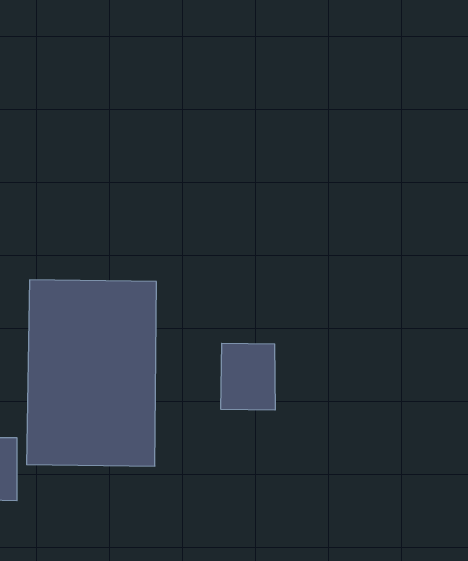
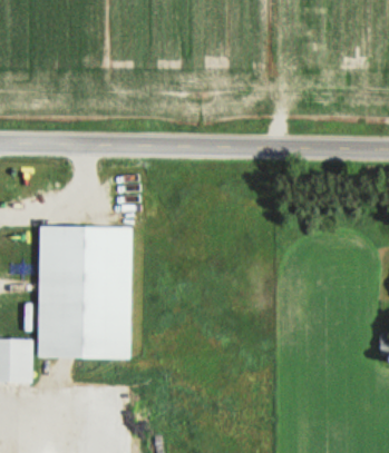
building: [221,343,275,410] -> none

